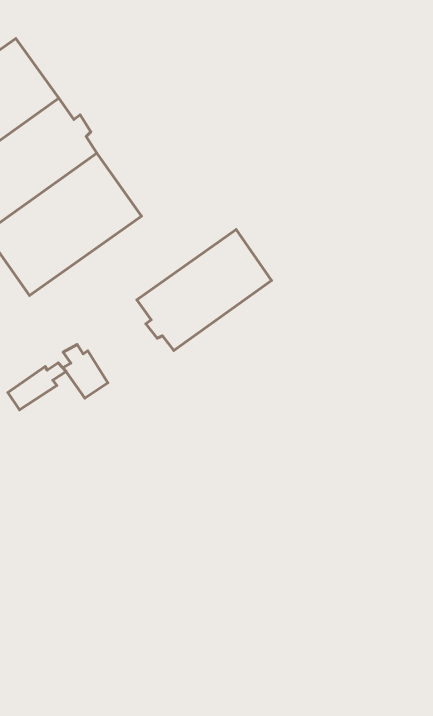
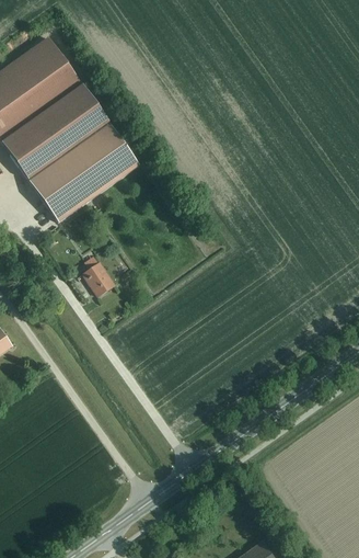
building: [137,229,271,350] -> none
building: [8,363,66,410] -> none

